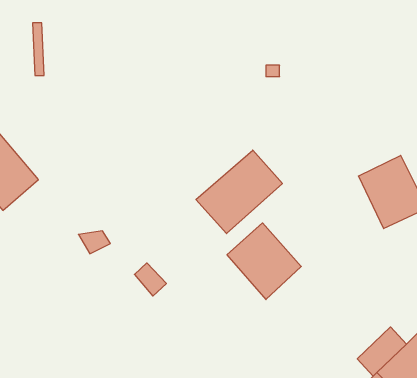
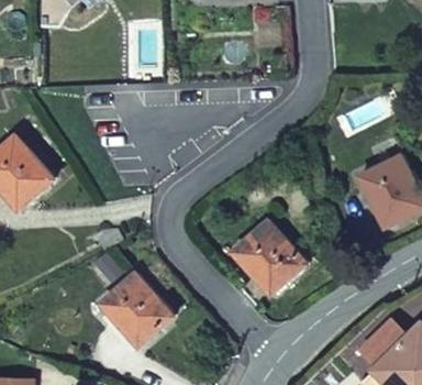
building: [196,150,282,234] -> none
building: none -> [101,272,173,351]

